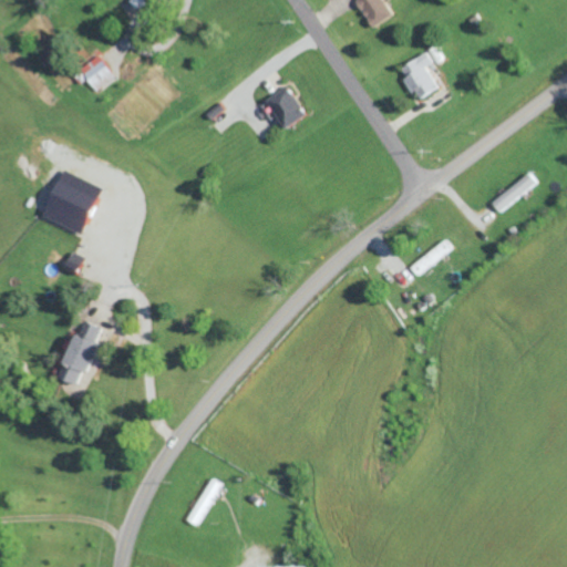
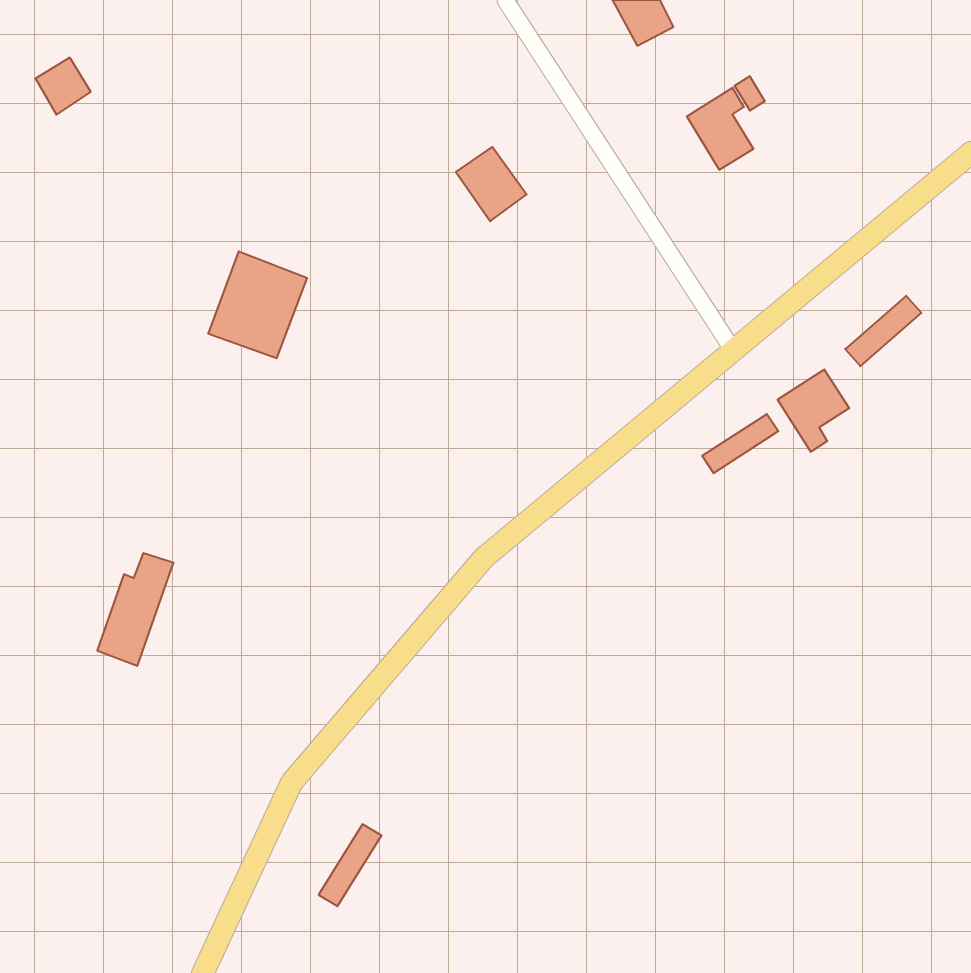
building: [79,56,111,90] -> [35,58,91,115]
building: [41,171,99,233] -> [208,251,307,358]
building: none -> [778,369,849,452]

